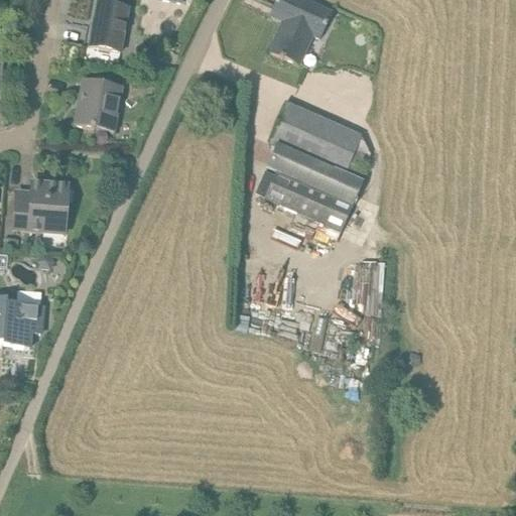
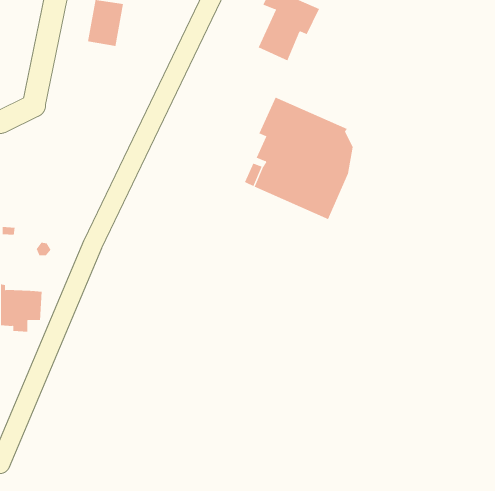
building: [76,78,124,131] -> none
building: [13,181,68,233] -> none

